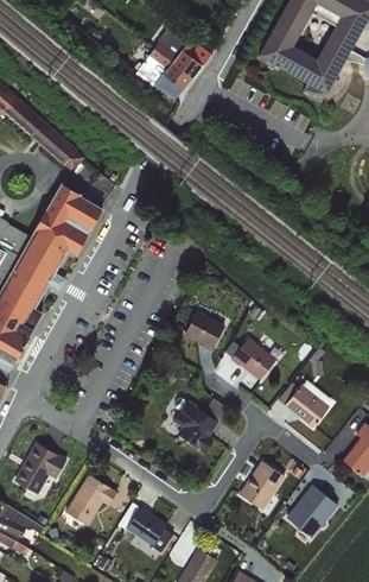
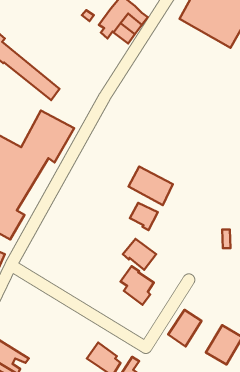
building: none -> [129,166,173,205]
building: [228,339,274,381] -> [123,239,156,270]
building: [281,380,330,429] -> none
building: [12,443,64,494] -> none
building: [62,474,115,527] -> none

